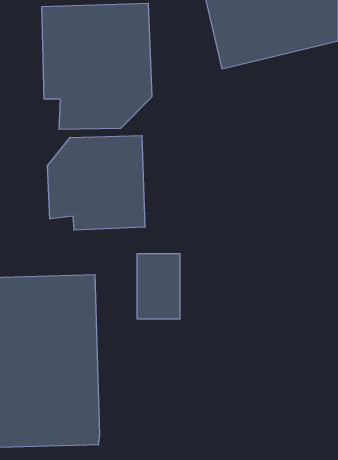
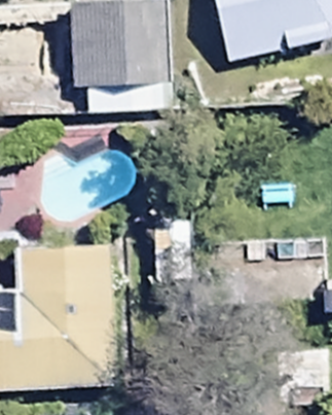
building: [48,135,145,230] -> none

